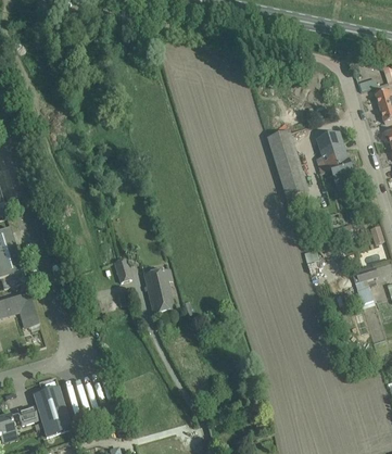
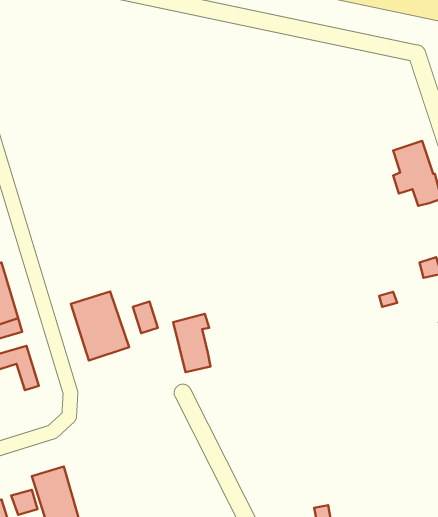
building: [268,131,309,198] -> none
building: none -> [71,292,129,360]

